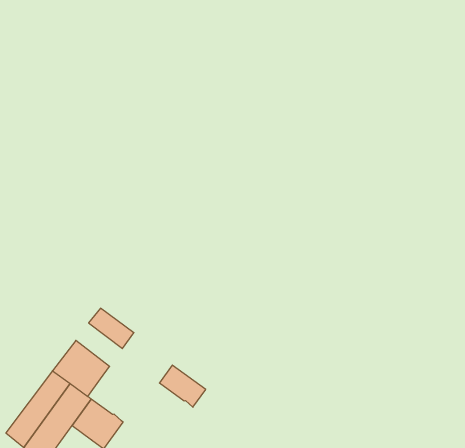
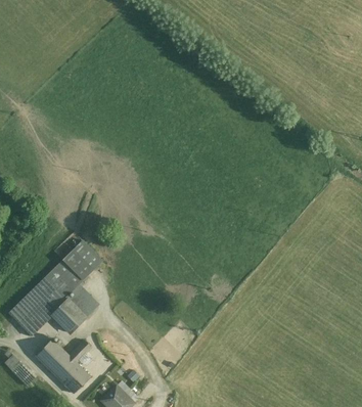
building: none -> [63,248,93,279]
building: [159,365,206,407] -> [65,286,95,316]

